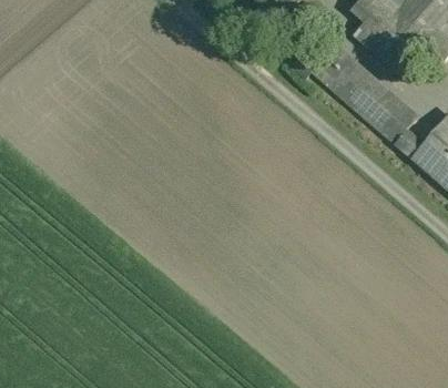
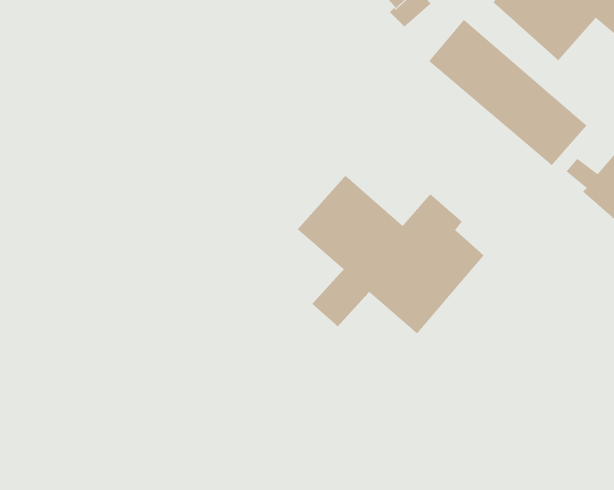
building: none -> [297,175,484,334]

